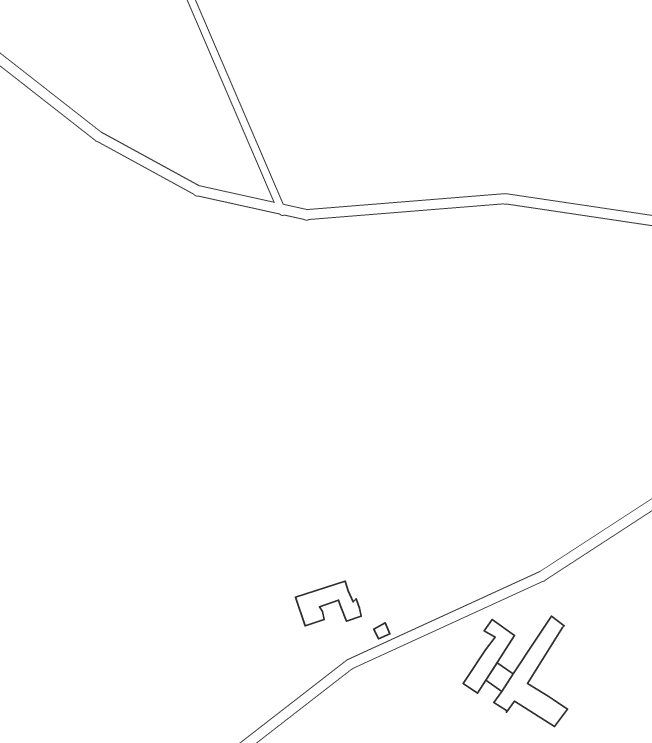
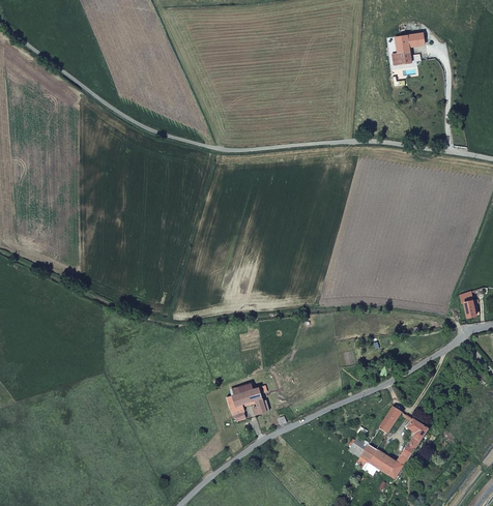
building: none -> [393,32,426,64]
building: [463,619,514,693] -> [393,421,426,469]

